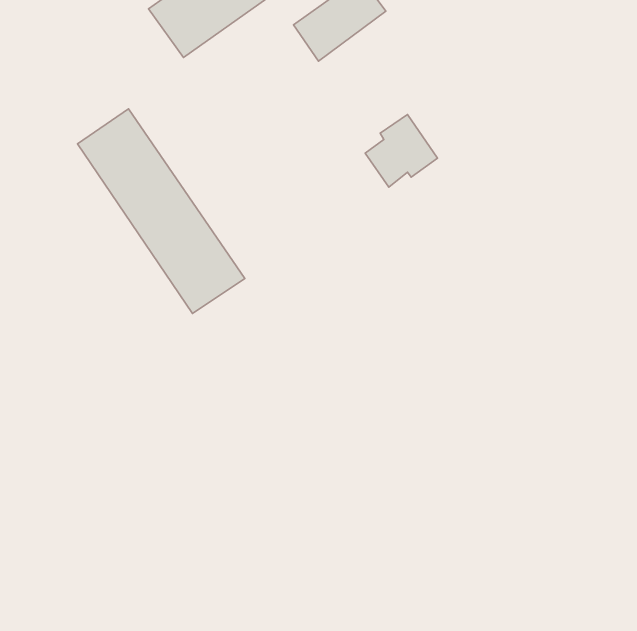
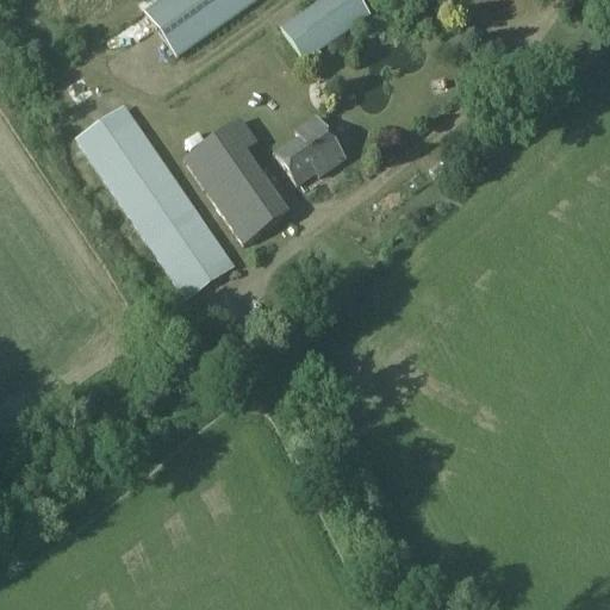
building: [365,115,438,187] -> [275,114,344,183]
building: none -> [182,118,287,244]

